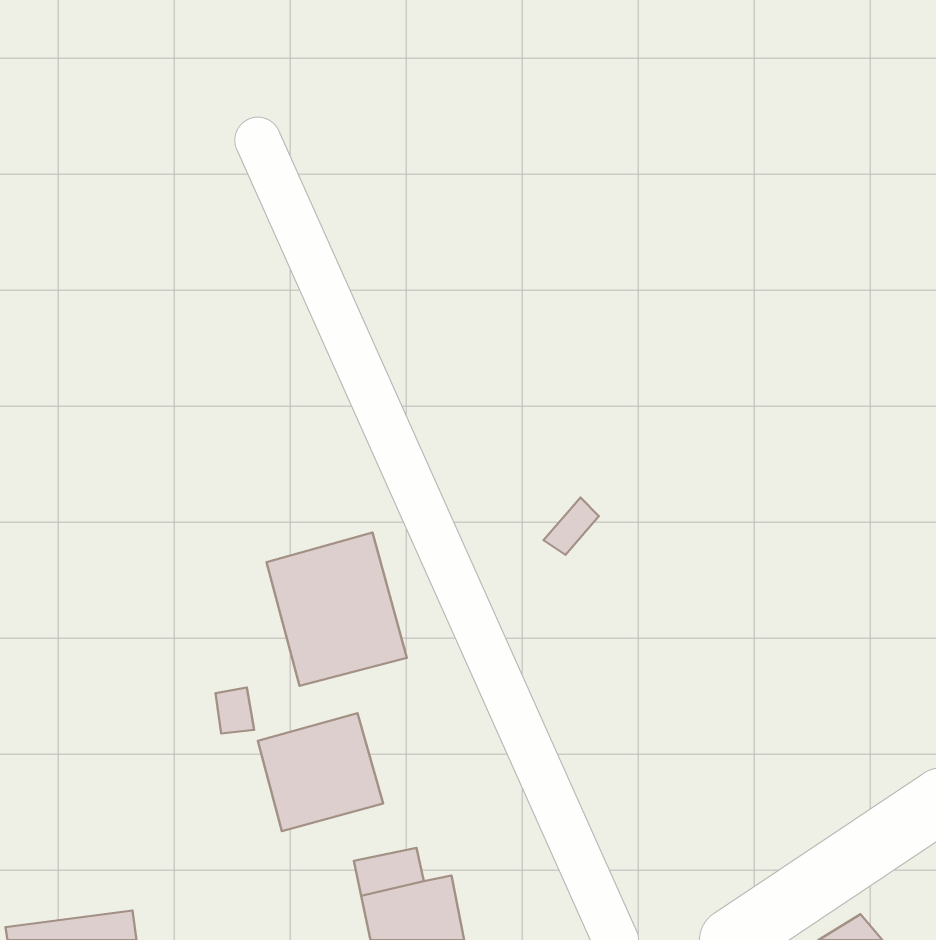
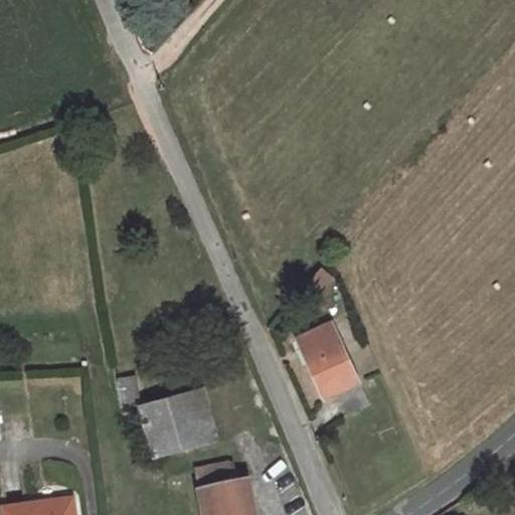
building: [266,532,407,686] -> none
building: none -> [296,329,371,417]

